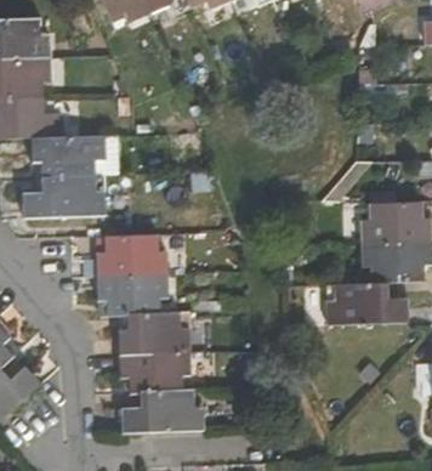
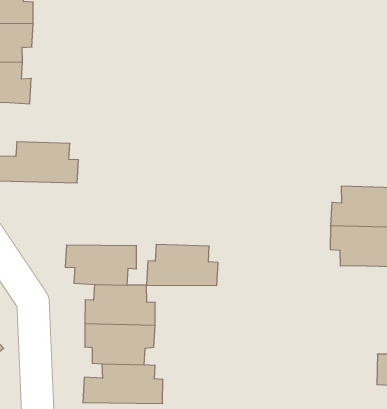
building: [32,136,103,176] -> none
building: [97,234,167,277] -> [147,244,218,286]
building: [328,280,408,324] -> none

